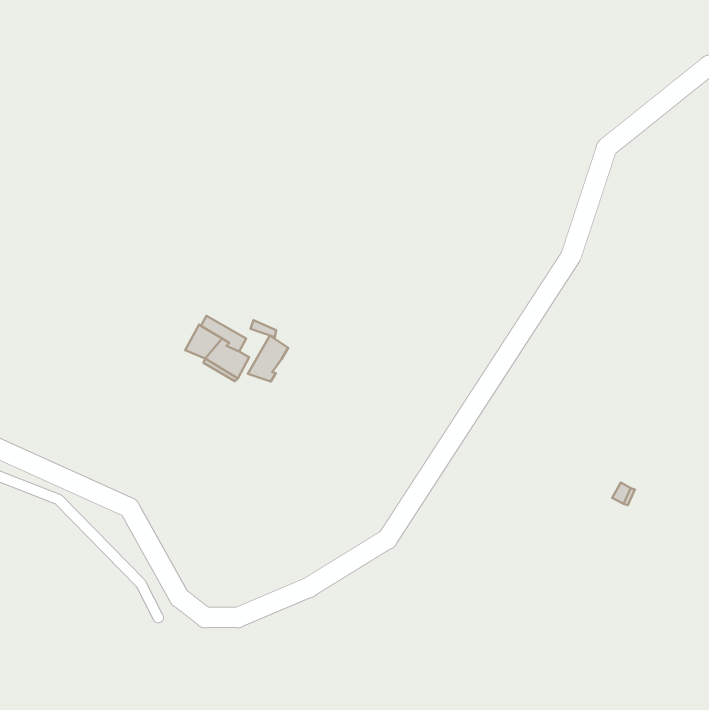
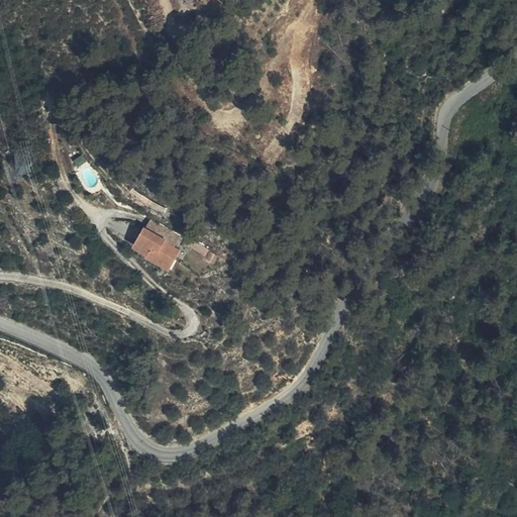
building: [248,335,288,381] -> none

